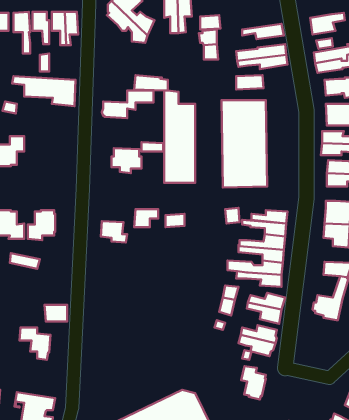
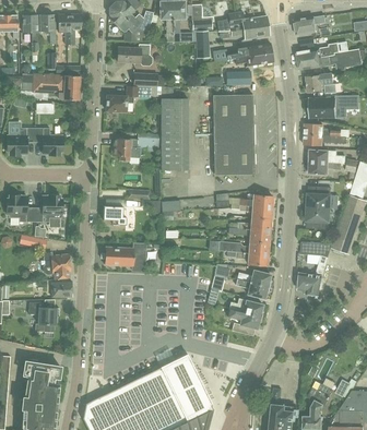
building: none -> [218,11,268,32]
building: none -> [117,45,153,65]
building: none -> [36,129,62,155]
building: none -> [100,243,145,271]
building: none -> [44,253,71,278]
building: [241,366,266,399] -> none

